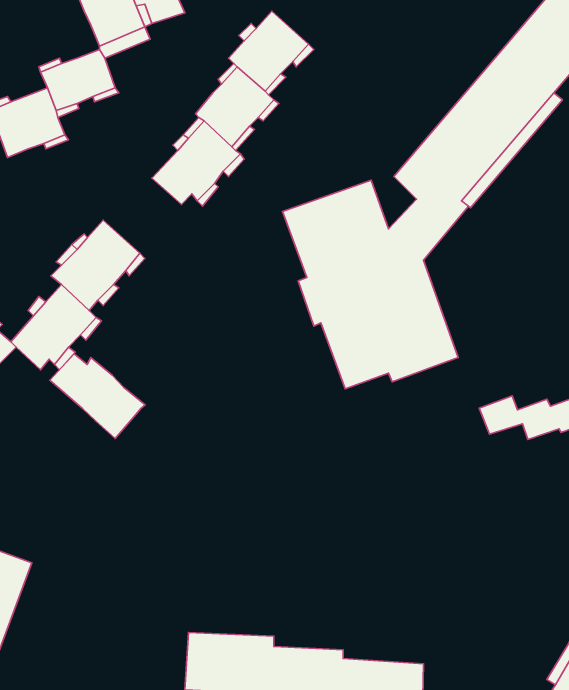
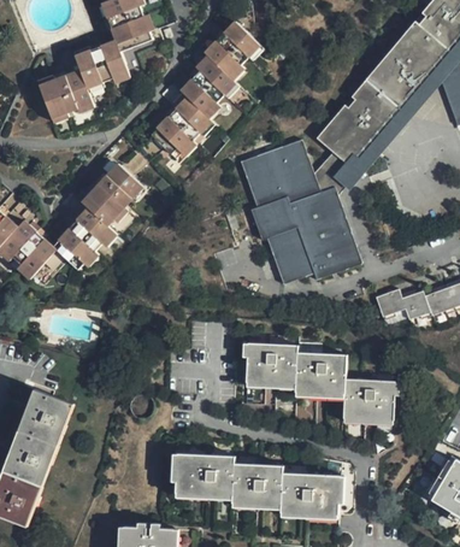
building: [50,354,145,438] -> none
building: none -> [244,343,393,419]

